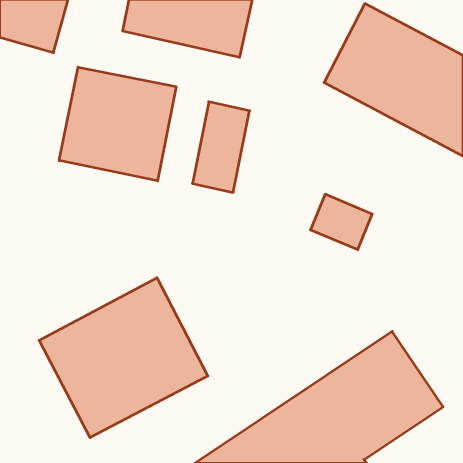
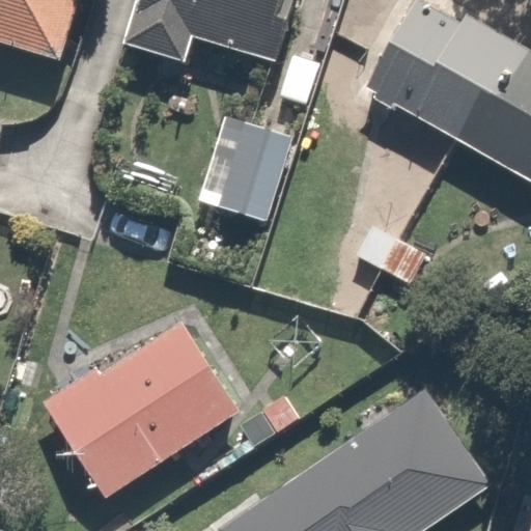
building: [59,67,176,181] -> none

